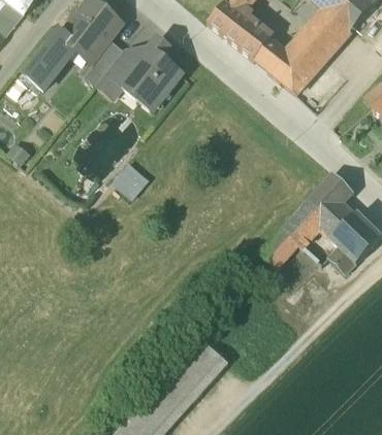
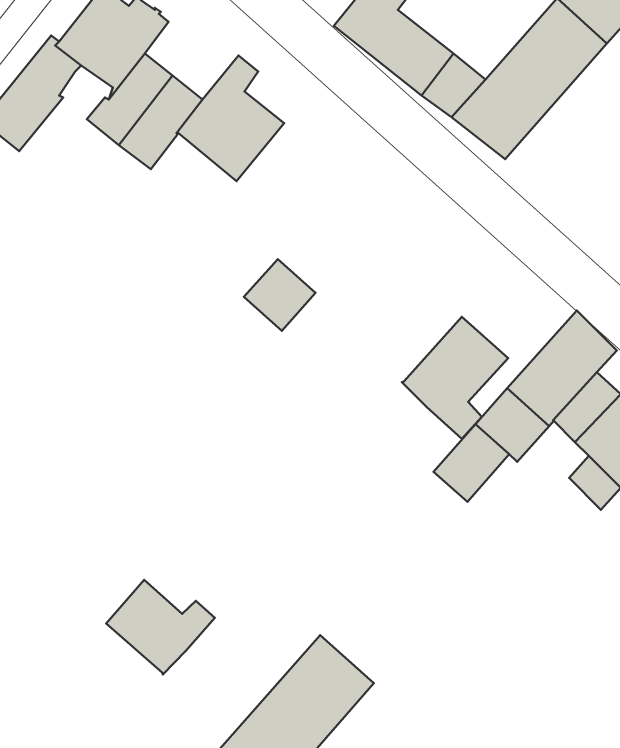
building: [113,160,150,197] -> [244,259,316,331]
building: none -> [402,317,508,439]
building: none -> [106,580,215,674]

